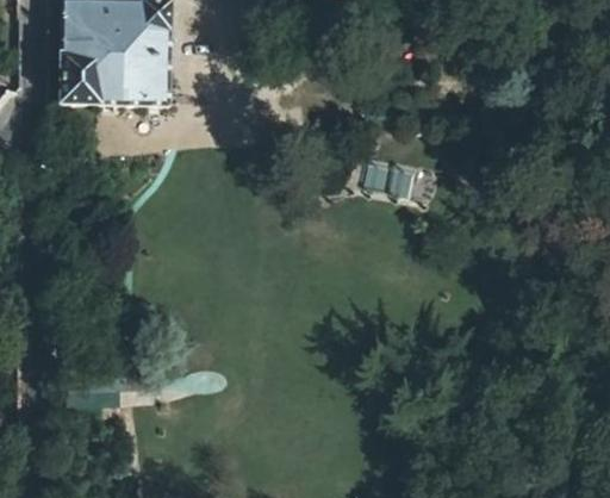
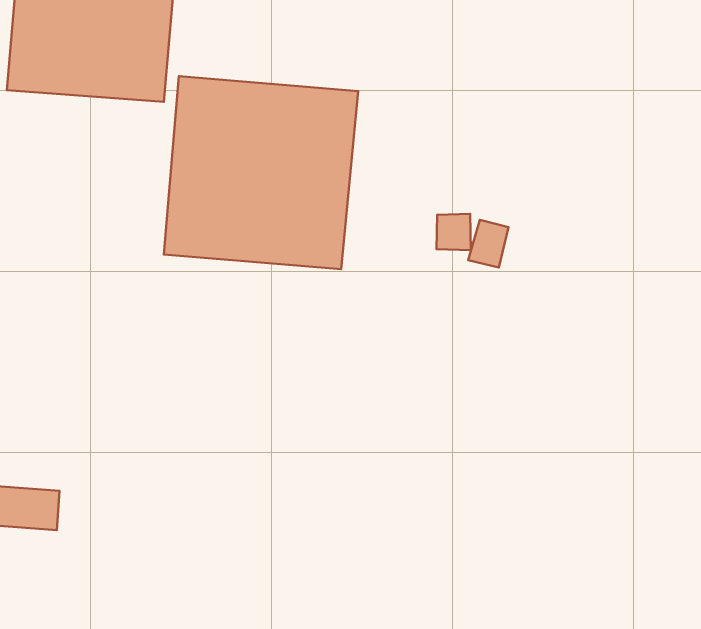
building: none -> [164,76,358,269]

